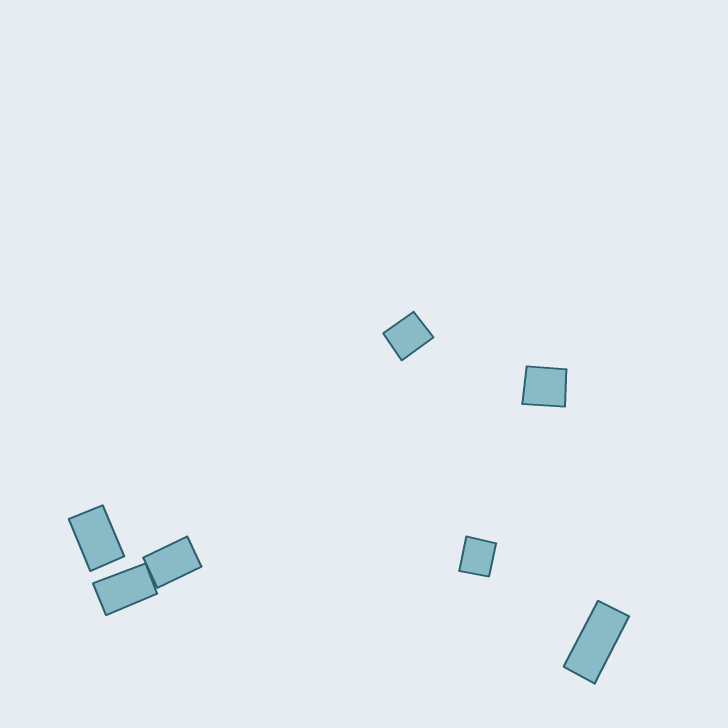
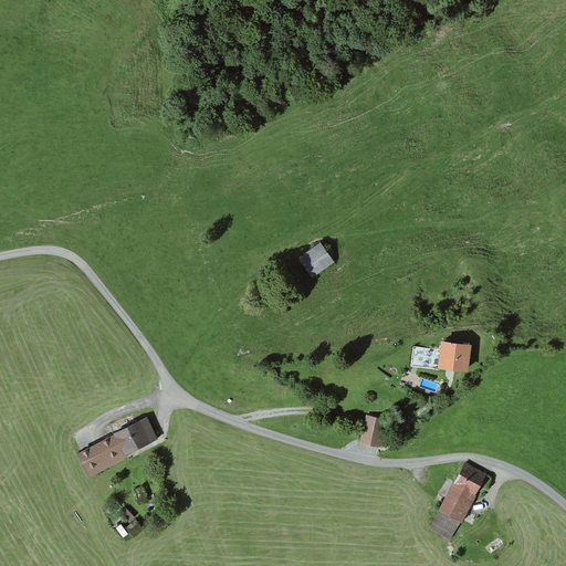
building: [522,367,567,407] -> [431,340,465,371]
building: [69,505,124,571] -> none

